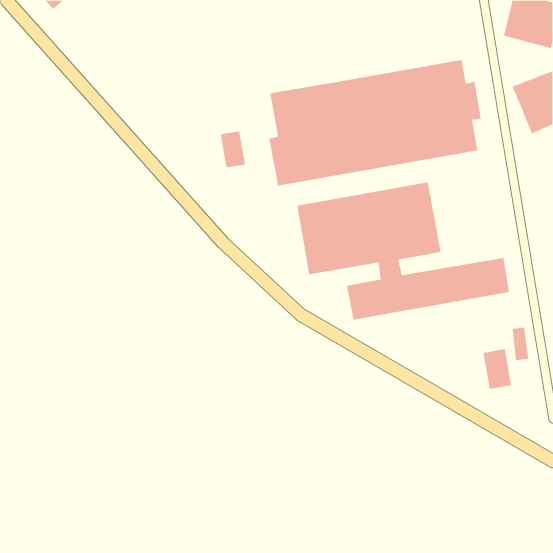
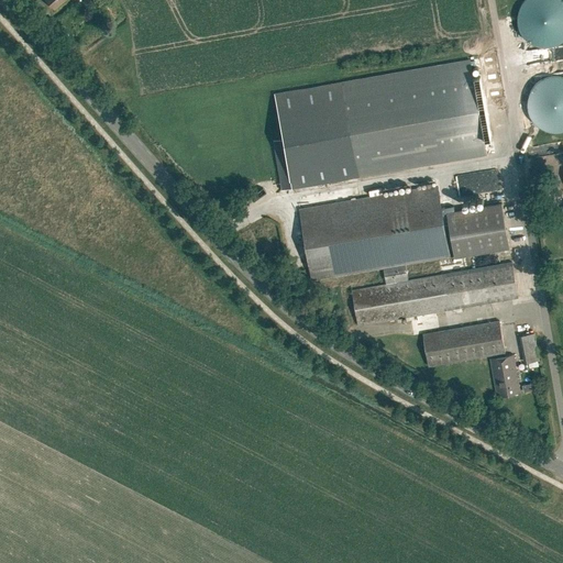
building: [220,131,246,168] -> none
building: none -> [448,202,510,256]
building: none -> [423,320,506,365]

